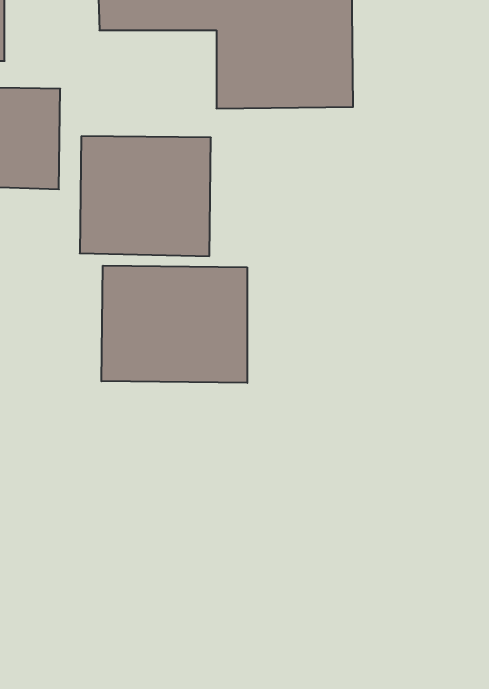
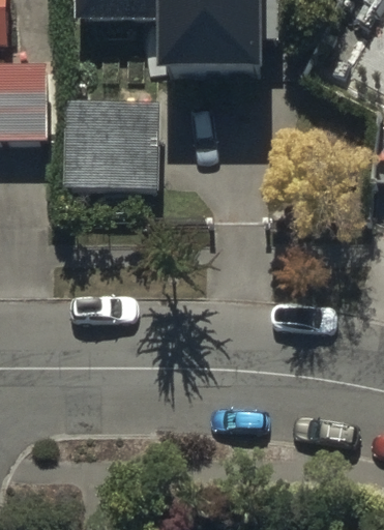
building: [101,266,247,383] -> none

